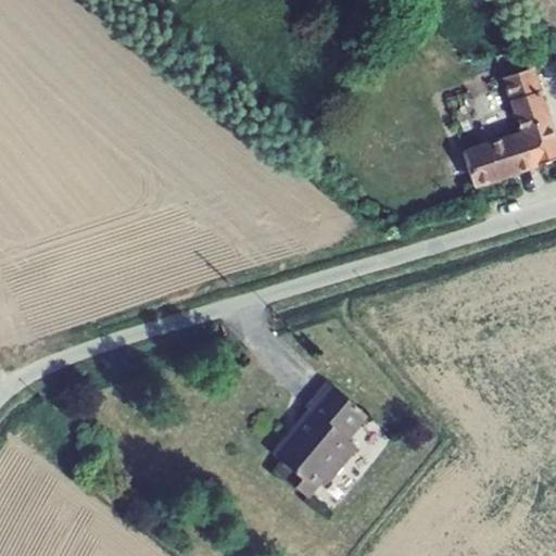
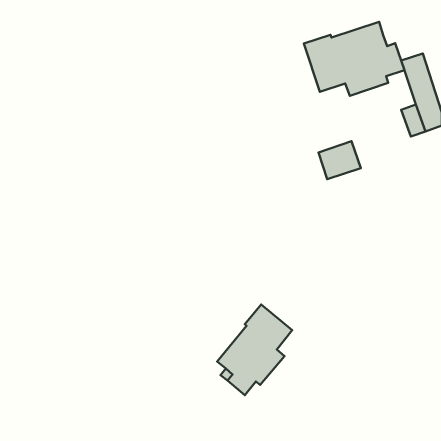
building: none -> [304,22,404,96]
building: [464,138,517,186] -> [319,141,361,179]

